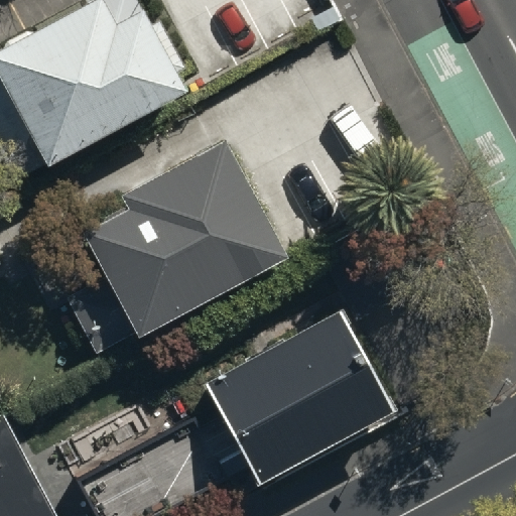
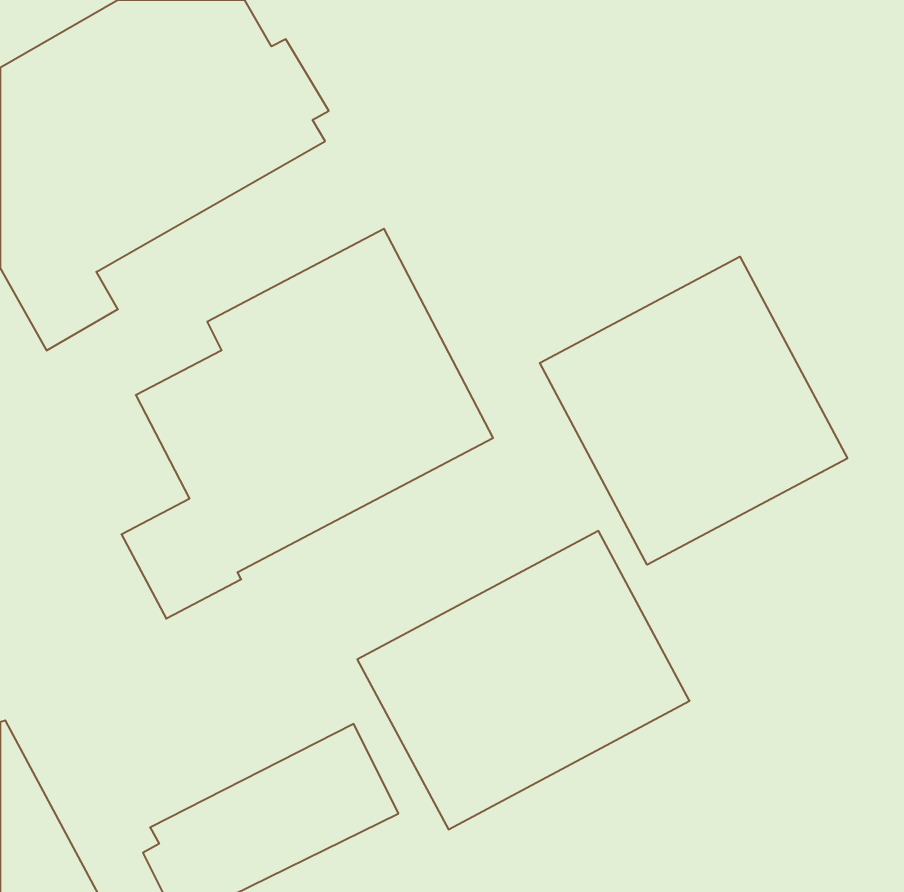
building: none -> [540,257,847,565]

